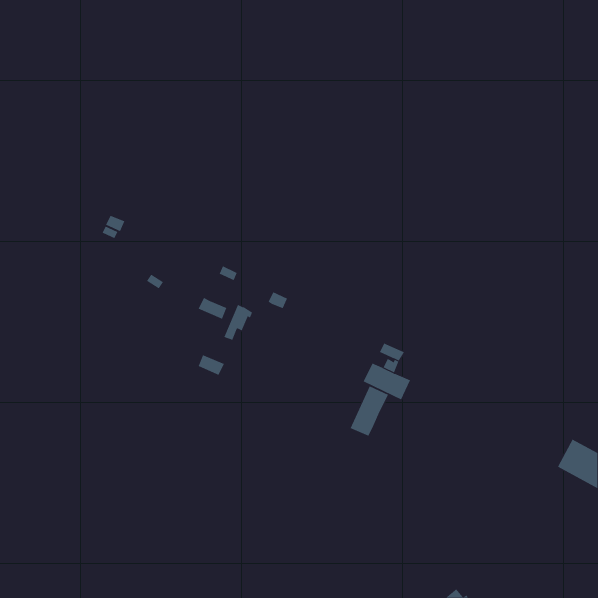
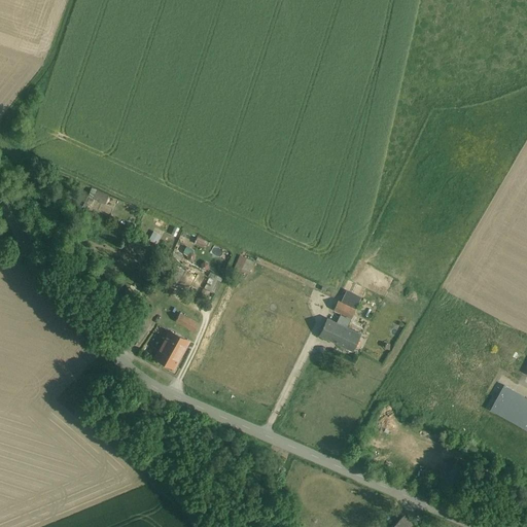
building: none -> [155,330,188,367]
building: [350,385,389,437] -> none

